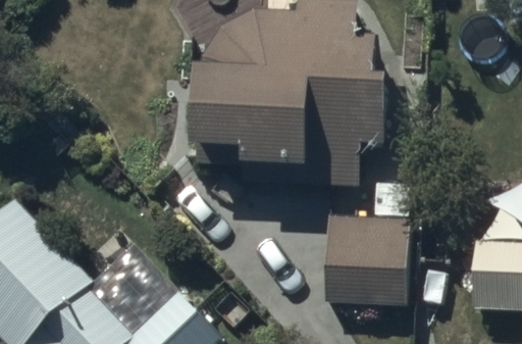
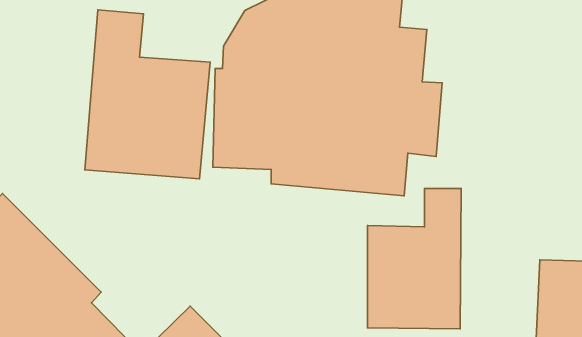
building: none -> [85,10,210,179]

